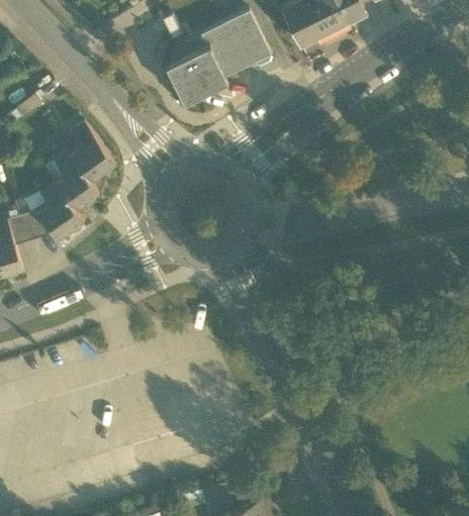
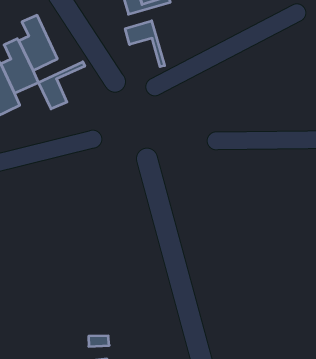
building: none -> [125,21,165,67]
building: none -> [39,62,85,109]

